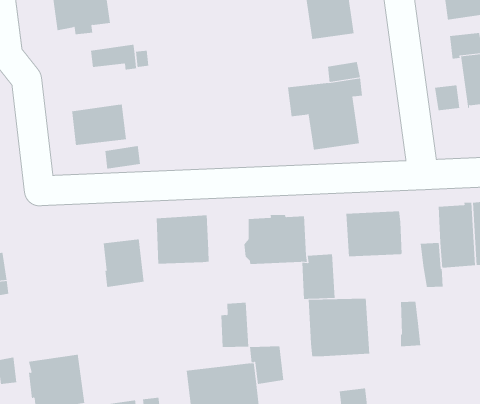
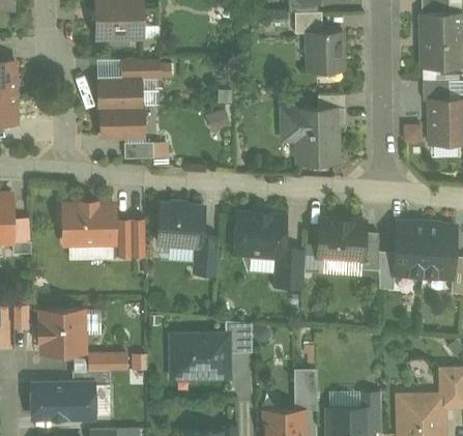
building: none -> [97,78,142,109]
building: none -> [60,202,114,244]
building: [308,298,370,357] -> none
building: [400,301,421,347] -> [360,232,378,270]
building: [221,302,249,348] -> [194,237,219,275]

